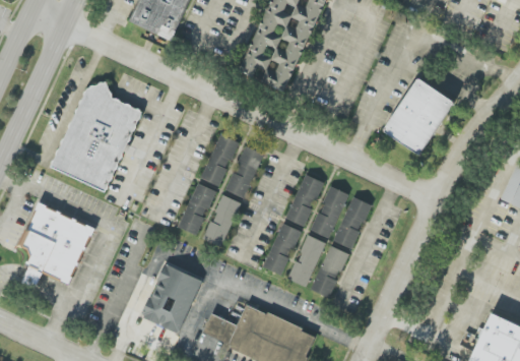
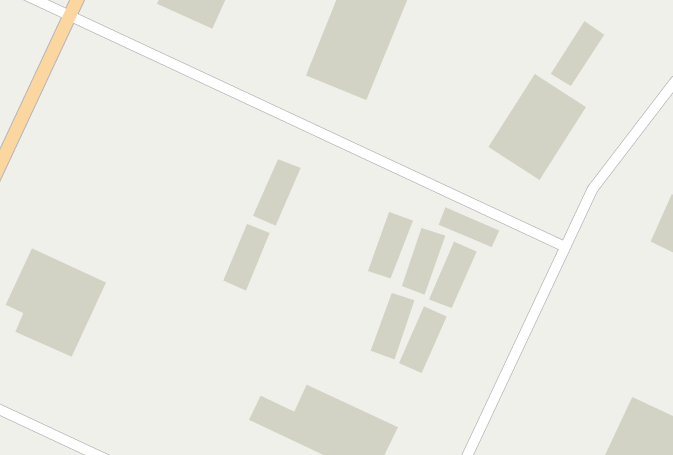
building: none -> [549,20,606,87]
building: [49,81,140,190] -> none
building: [228,145,265,198] -> none
building: none -> [438,206,500,248]
building: [206,194,241,246] -> none
building: [264,223,302,275] -> none
building: [138,262,199,332] -> none

